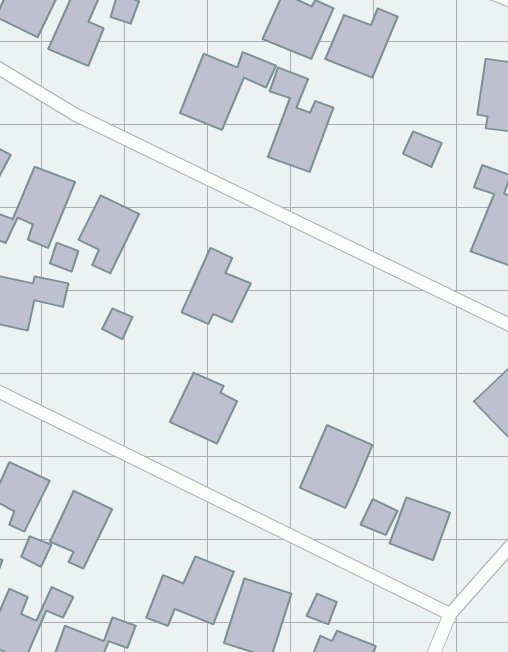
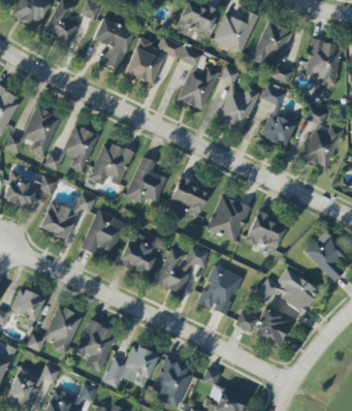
building: none -> [93,18,134,69]
building: none -> [252,21,293,84]
building: none -> [218,66,259,129]
building: none -> [261,109,298,146]
building: none -> [87,140,132,189]
building: none -> [166,178,207,219]
building: none -> [207,194,251,241]
building: none -> [39,201,76,239]
building: none -> [82,210,126,253]
building: none -> [246,210,285,251]
building: none -> [156,246,209,294]
building: none -> [255,267,318,312]
building: none -> [76,321,117,372]

